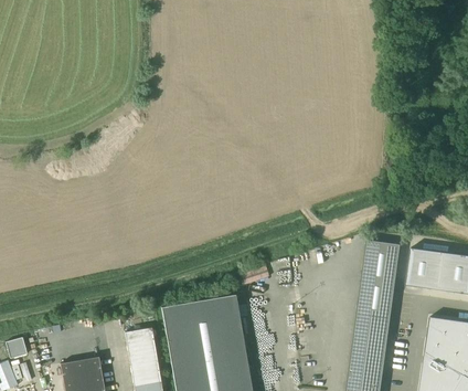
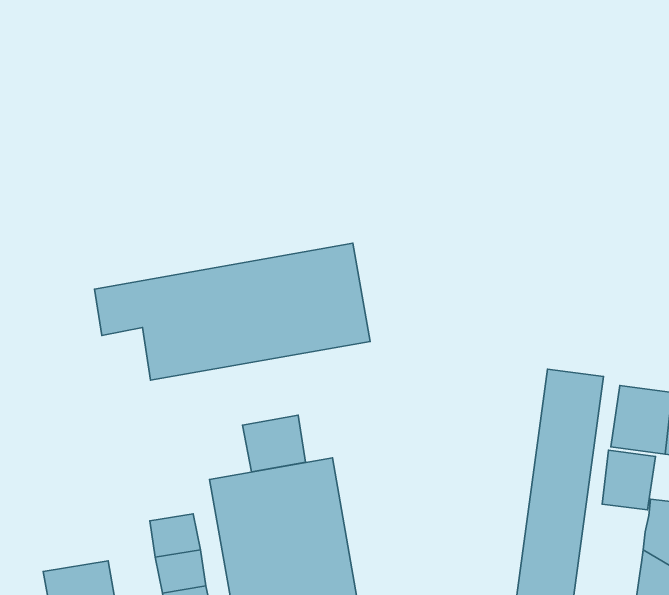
building: none -> [94,243,370,380]
building: none -> [242,415,305,472]
building: none -> [602,450,656,510]

